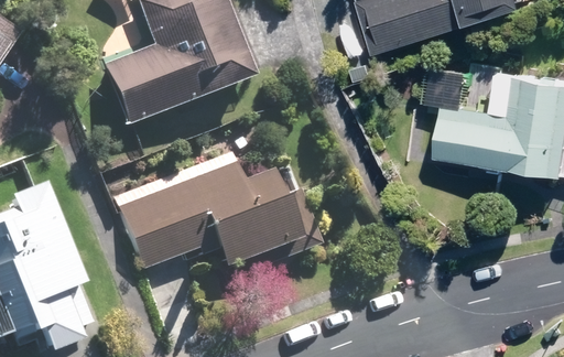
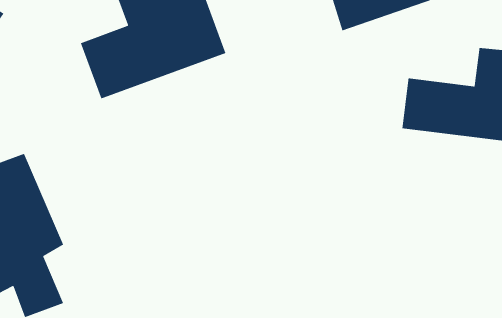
building: [117,161,297,269] -> none

